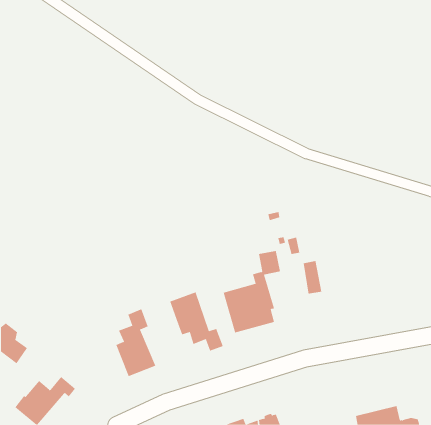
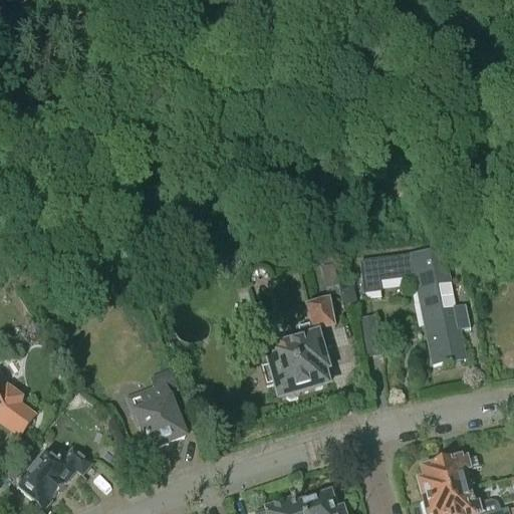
building: none -> [359,249,470,361]
building: [170,292,224,351] -> none
building: none -> [419,454,479,495]

